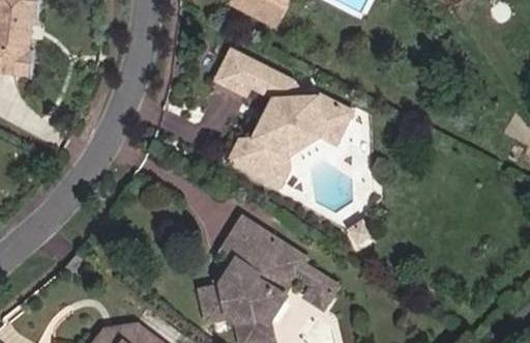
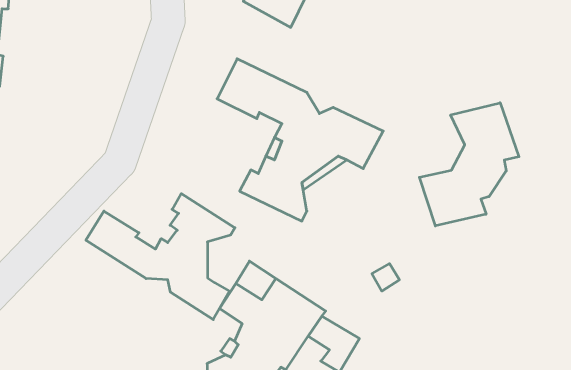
building: none -> [419,103,519,226]
building: none -> [86,194,235,320]

